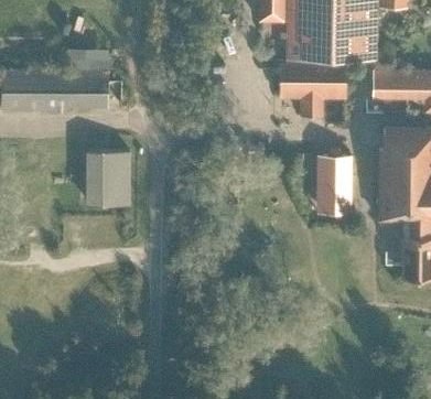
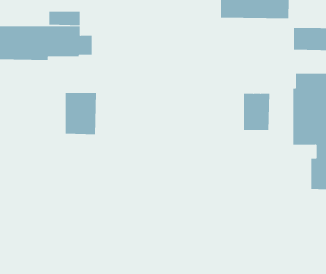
building: [279,61,347,99] -> none

